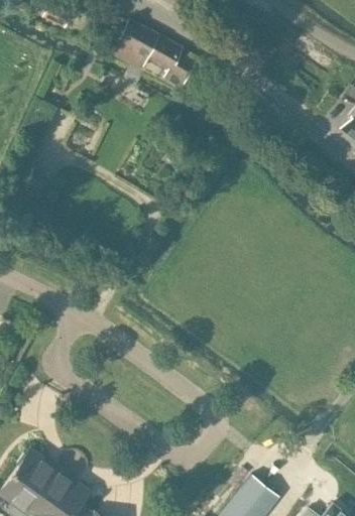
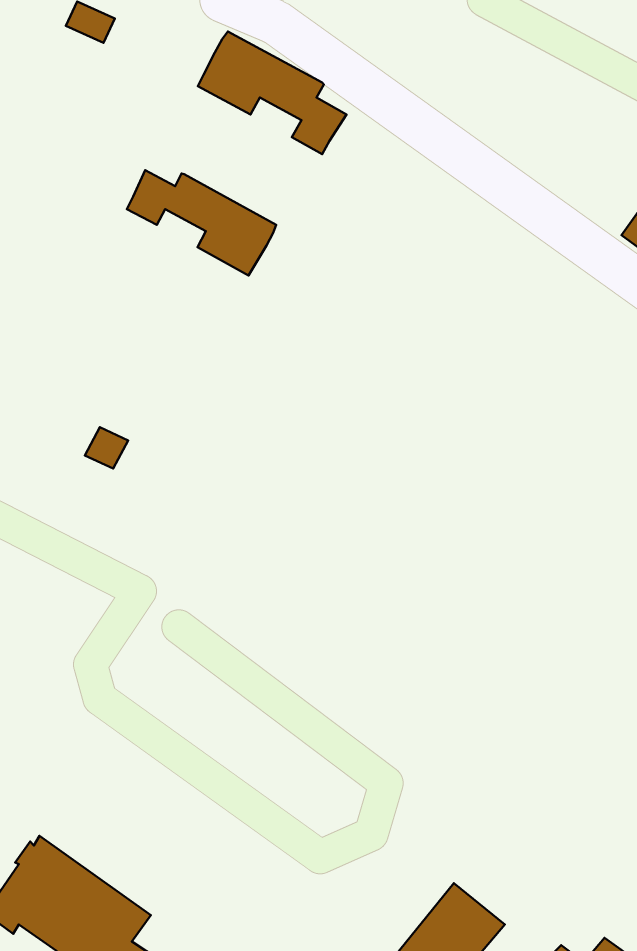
building: none -> [127,170,276,276]

